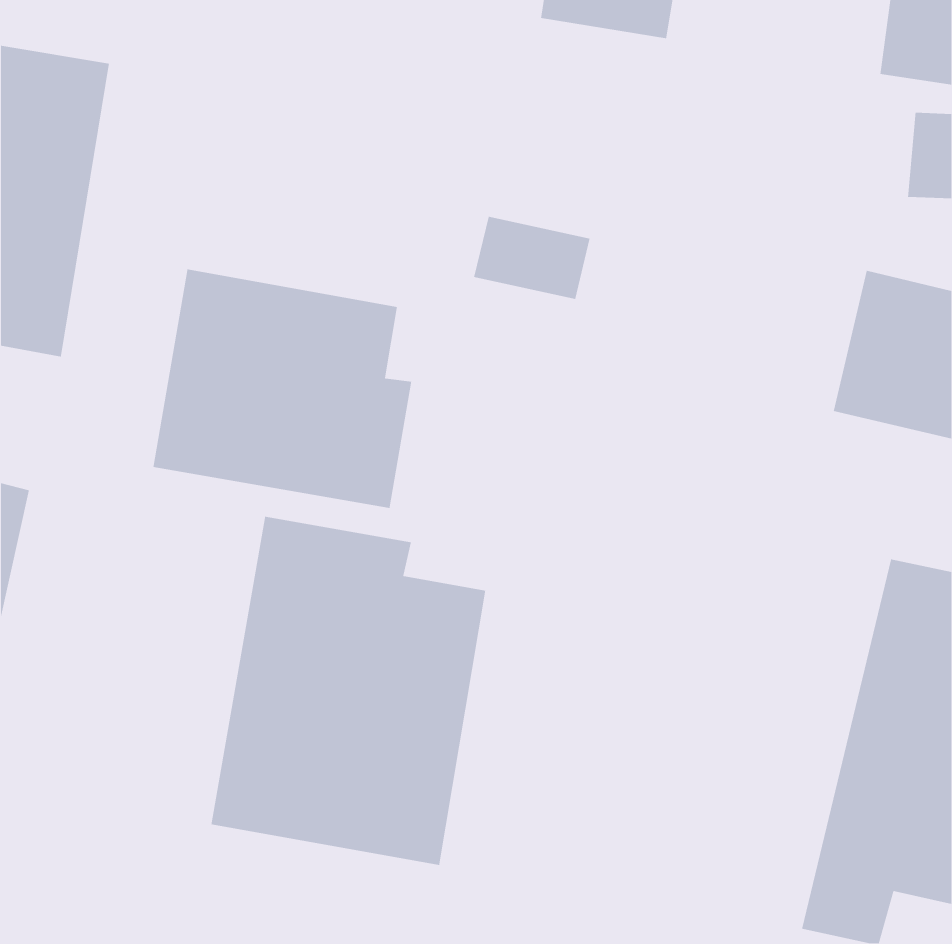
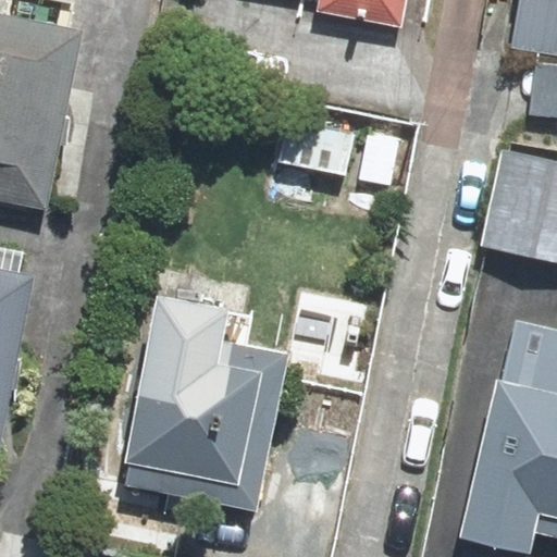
building: [153,268,412,509] -> none

